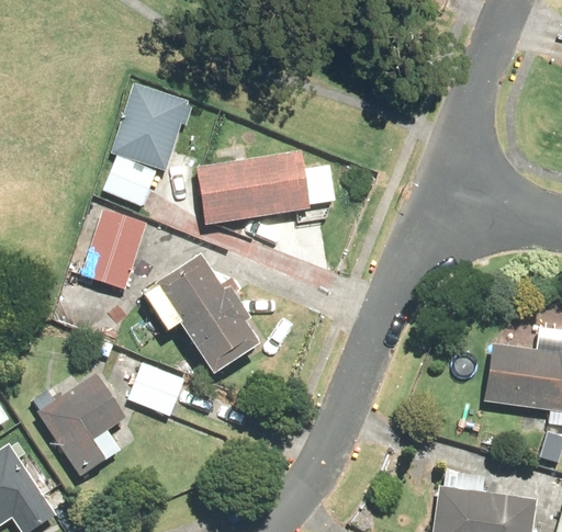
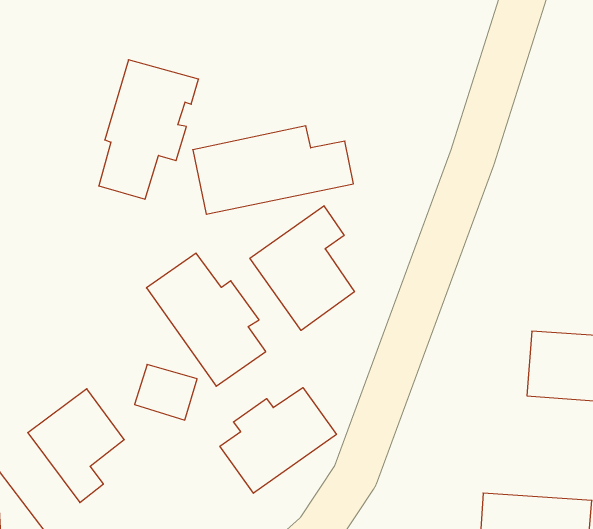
building: [88,207,158,291] -> none
building: none -> [250,206,354,330]
building: none -> [220,388,336,493]

